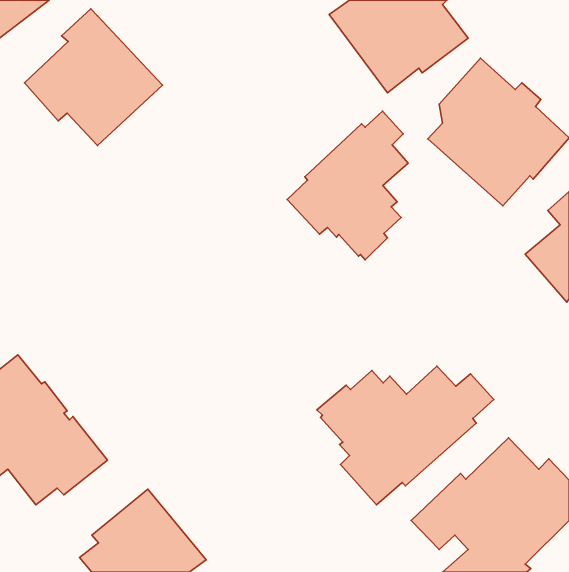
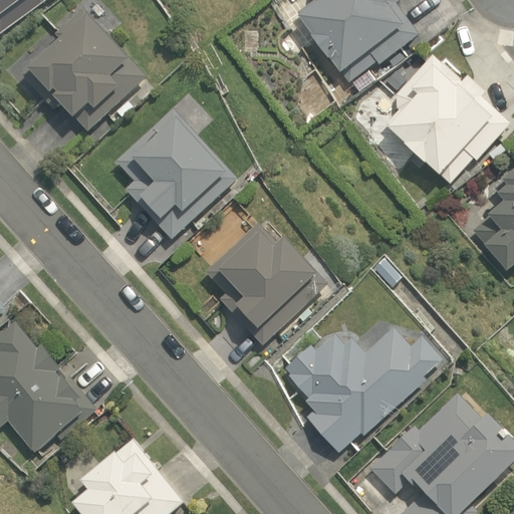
building: [287,111,408,260] -> none
building: none -> [114,108,237,240]
building: none -> [205,220,327,344]

